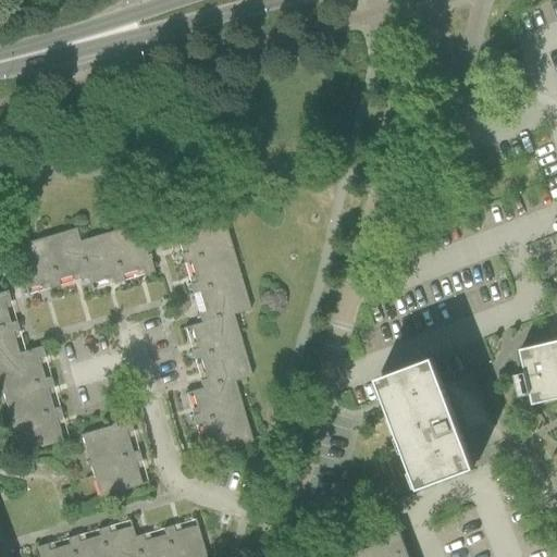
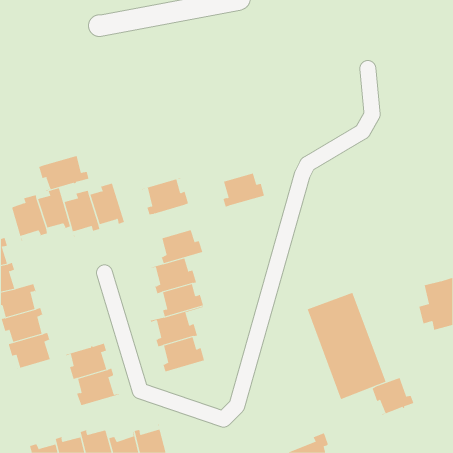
building: none -> [38,155,89,191]
building: [188,251,240,294] -> [222,173,265,207]
building: none -> [372,377,414,415]

